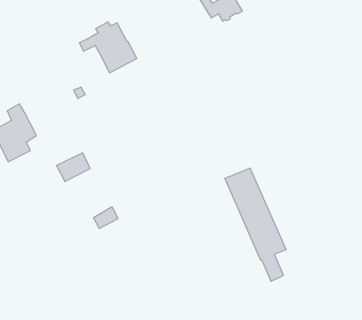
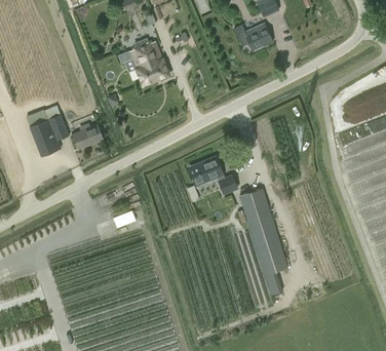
building: none -> [190,156,238,193]
building: [56,153,90,181] -> [72,124,103,149]

